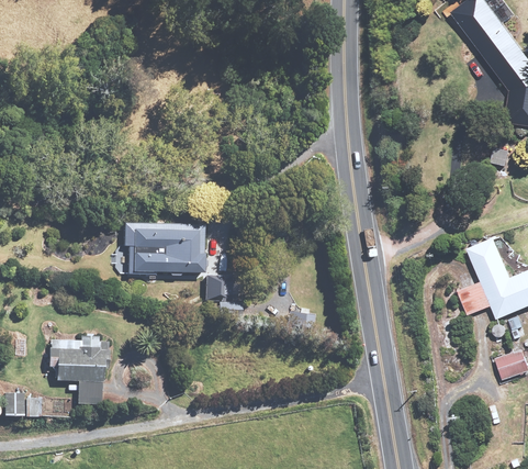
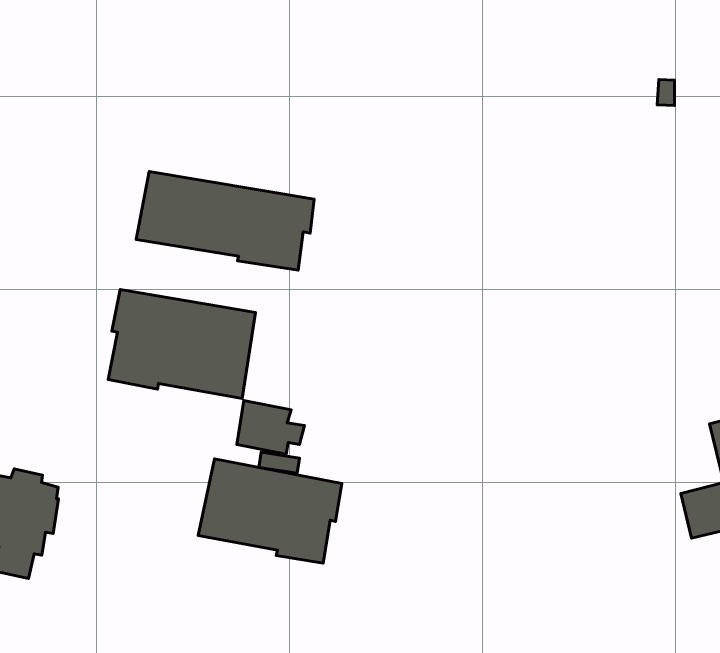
building: none -> [136,171,314,270]
building: none -> [198,459,342,563]

